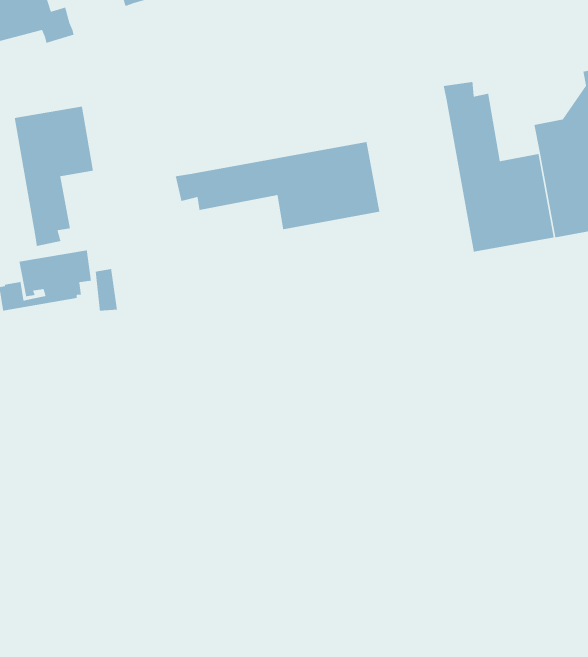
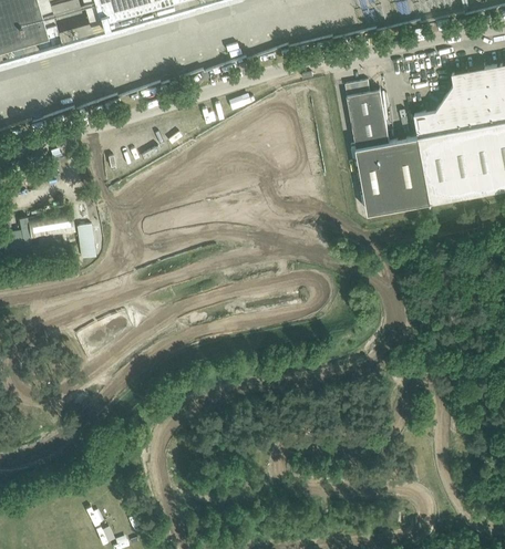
building: [14,103,94,247] -> none
building: [175,141,384,230] -> none

